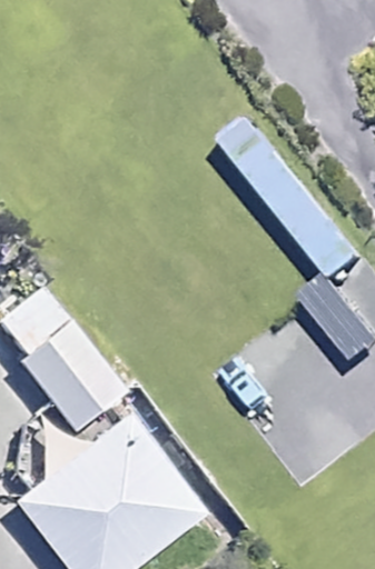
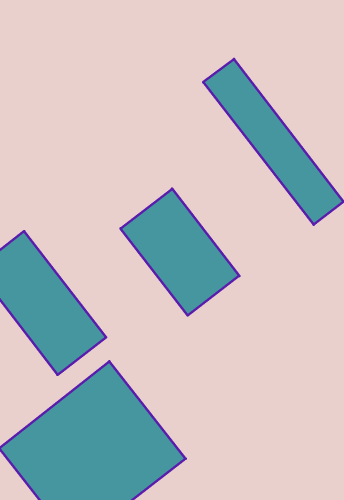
building: none -> [121,189,239,315]

